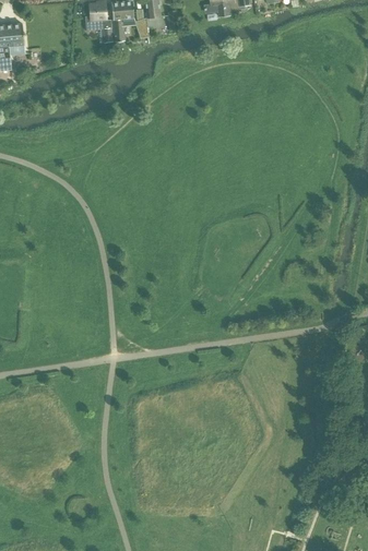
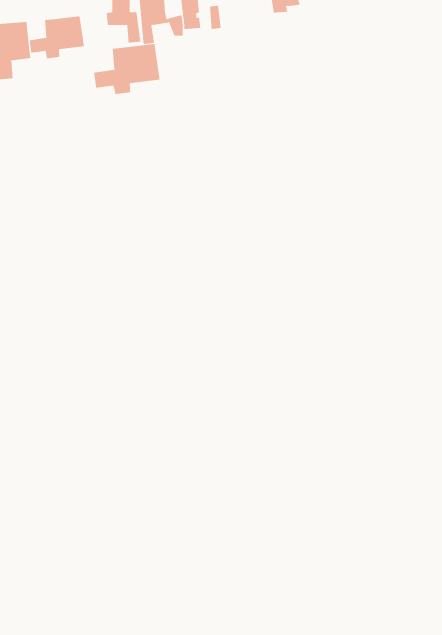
building: none -> [29,15,84,59]
building: none -> [94,43,160,95]

